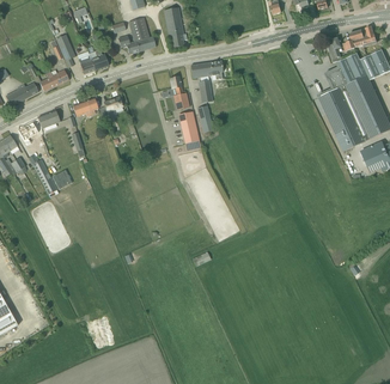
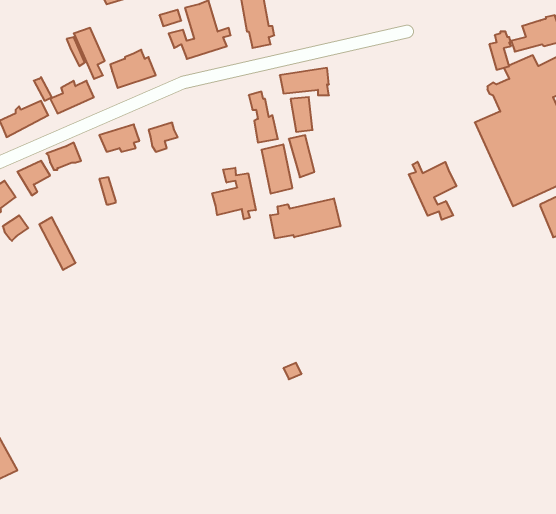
building: none -> [409,162,456,220]
building: none -> [212,168,256,219]
building: none -> [270,198,340,238]

